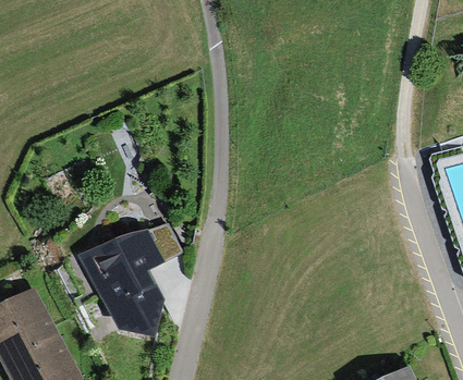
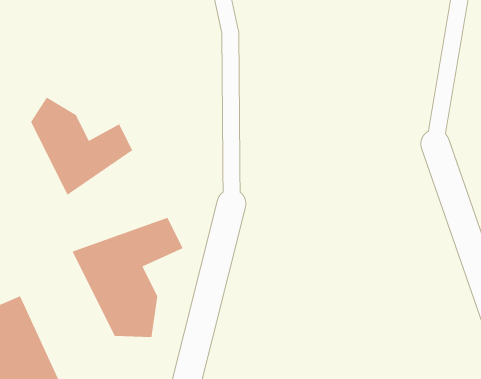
building: none -> [30,96,133,196]

